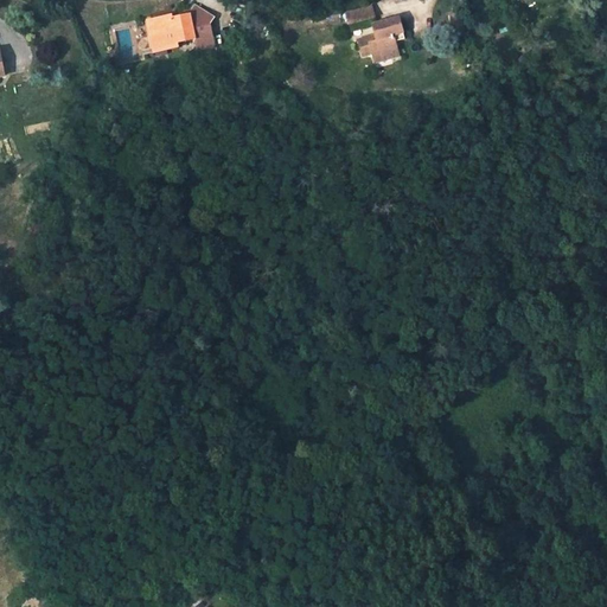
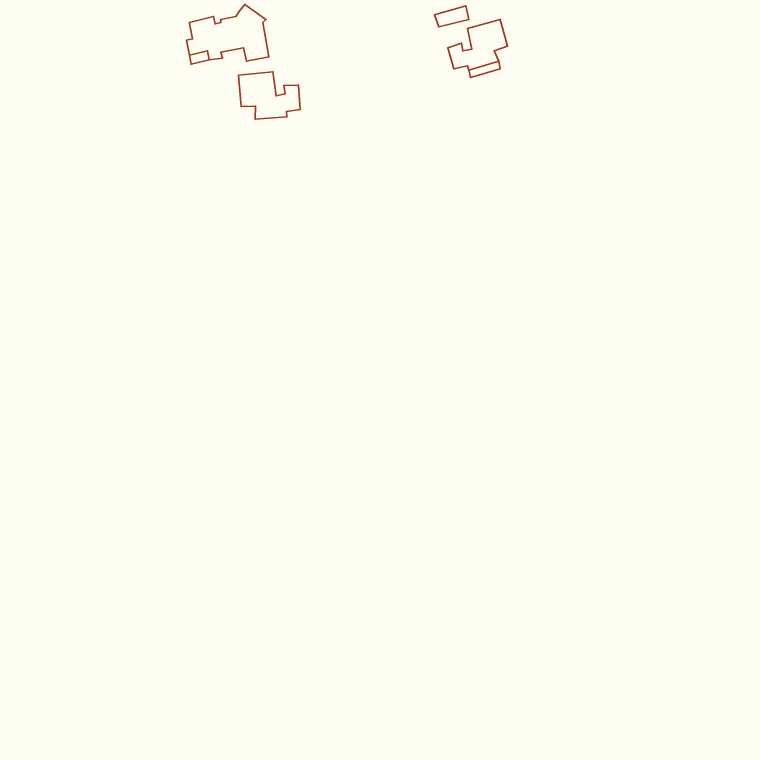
building: none -> [238,72,300,119]

